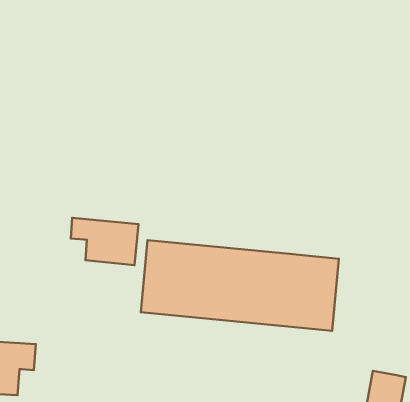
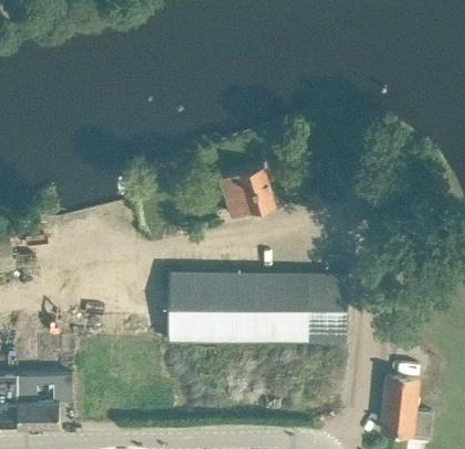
building: none -> [223,168,273,216]
building: [71,218,138,265] -> none

